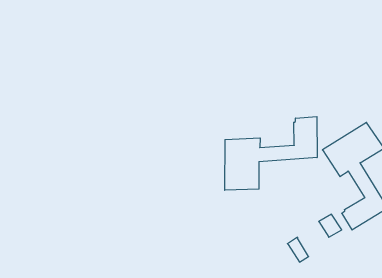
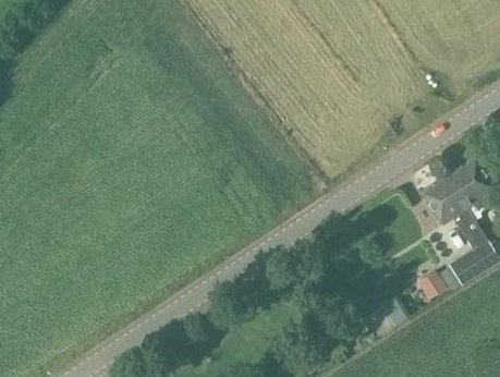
building: [225,117,317,190] -> none

